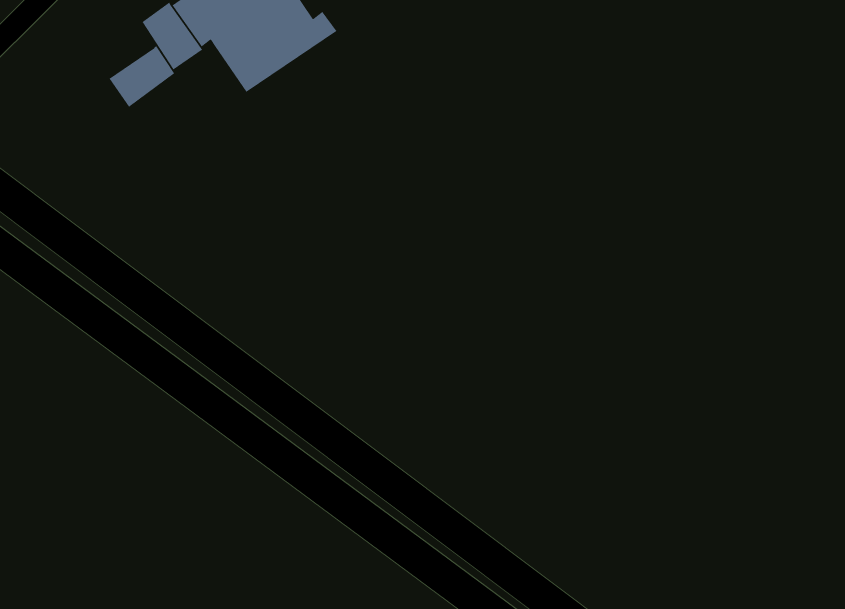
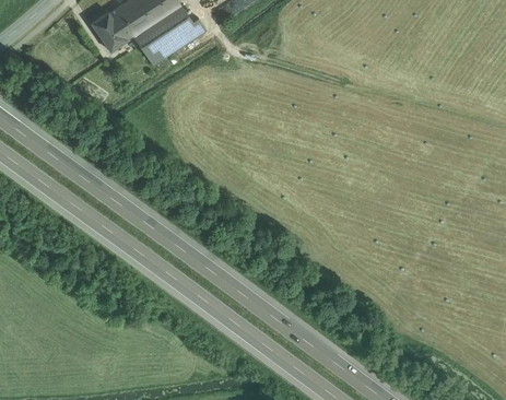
building: [108,45,175,108] -> none

